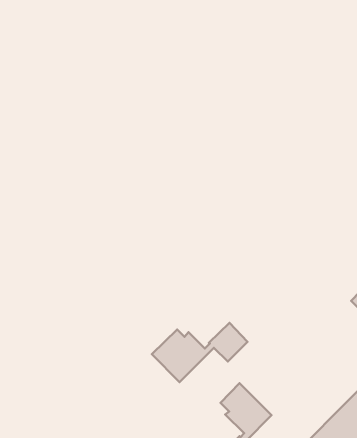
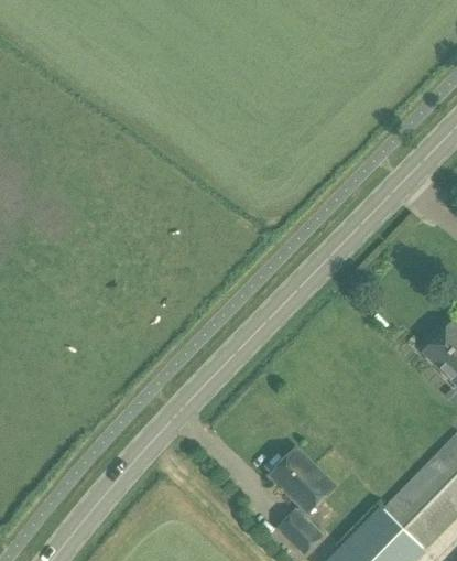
building: [152,323,247,382] -> none

